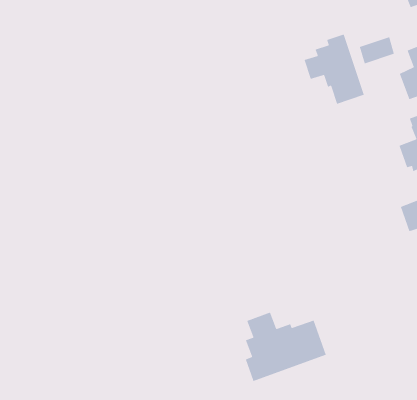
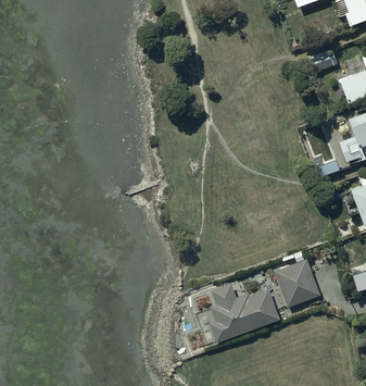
building: [304,33,365,105] -> none
building: none -> [275,259,321,307]

